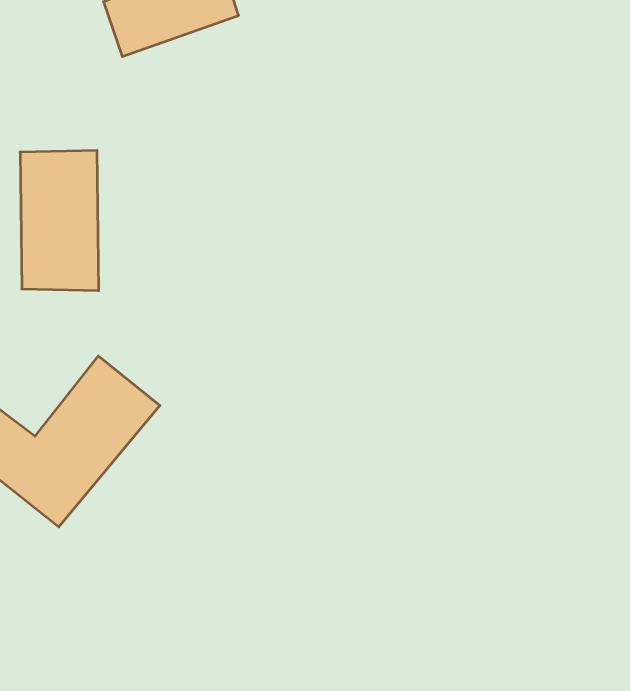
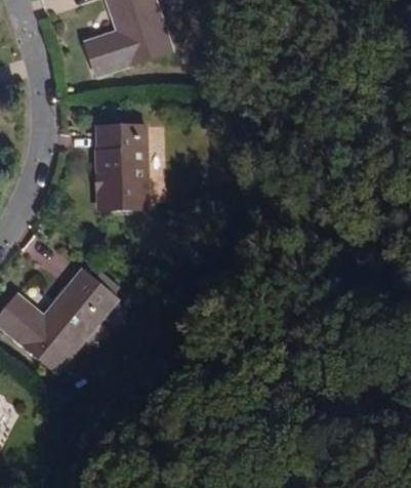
building: [20,150,99,291] -> [99,127,147,211]

